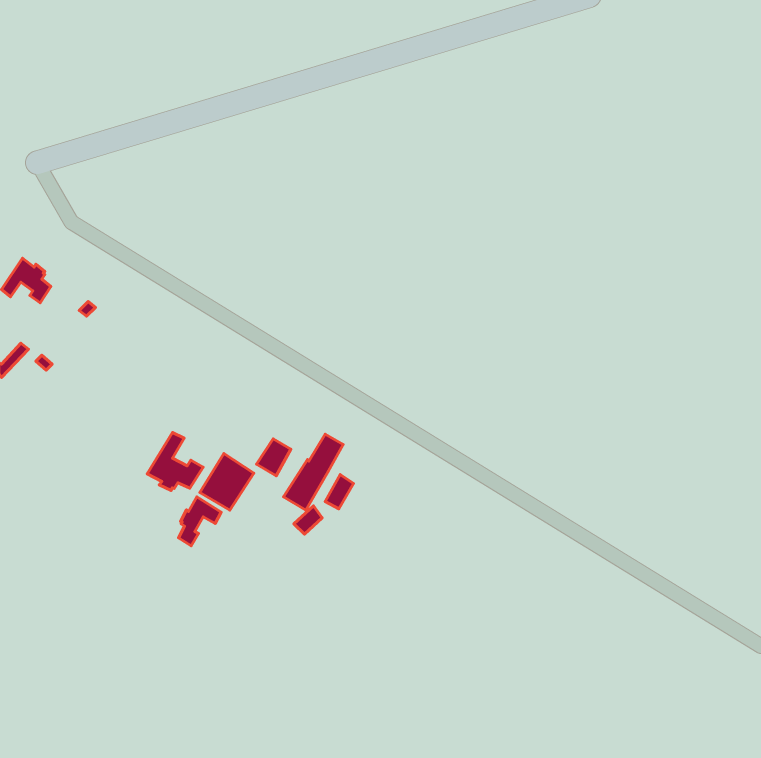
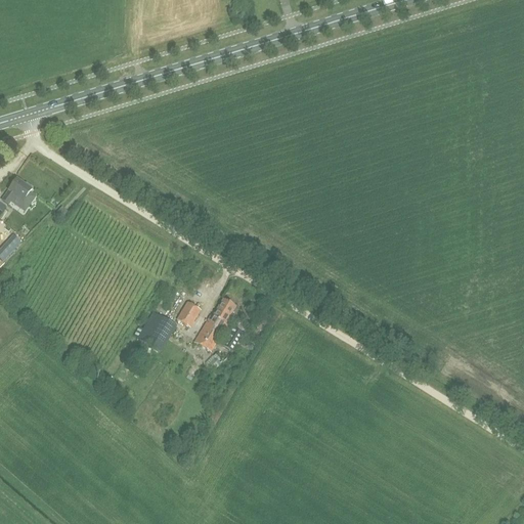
building: [147,433,203,490] -> none
building: [179,497,221,546] -> none

